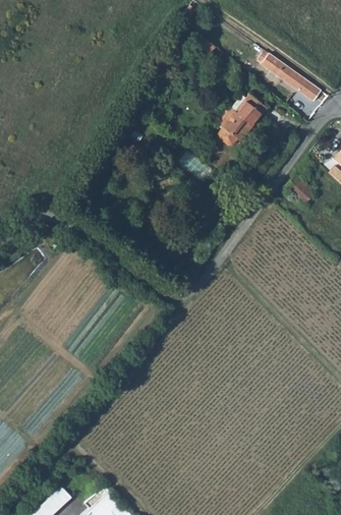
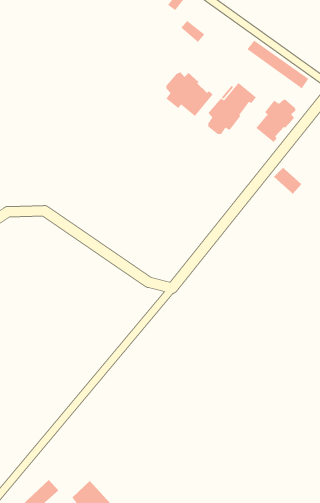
building: none -> [165,72,214,117]
building: none -> [256,99,296,143]

